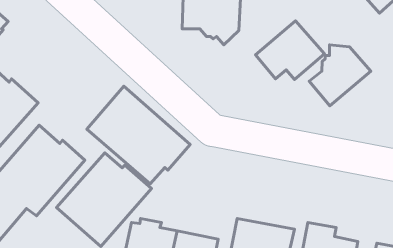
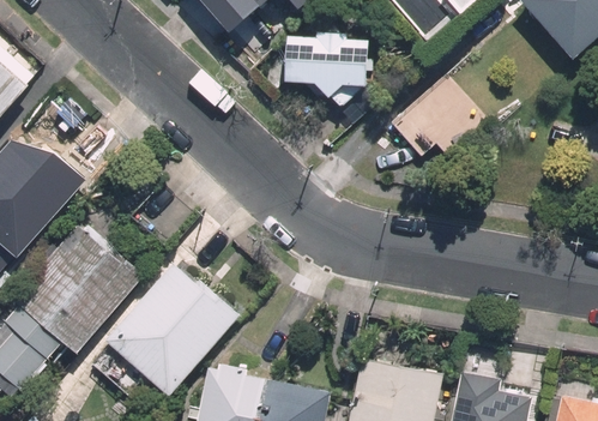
building: [309,45,371,106] -> none
building: [87,86,190,184] -> none

